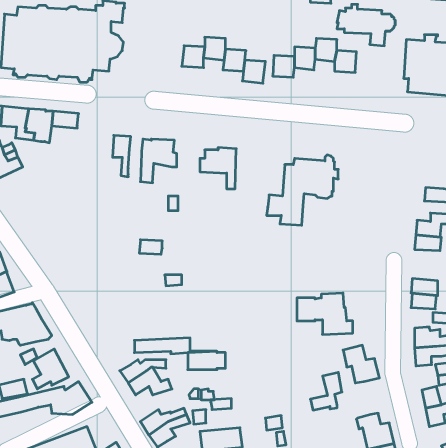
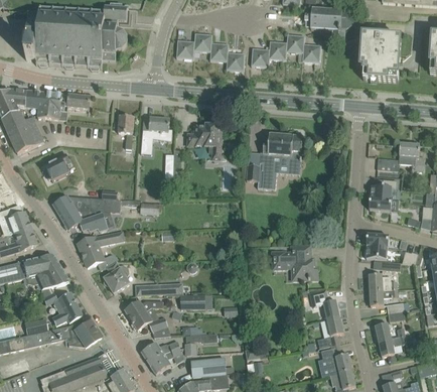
building: none -> [44,154,69,181]
building: none -> [52,197,120,231]
building: none -> [77,234,114,267]
building: none -> [103,262,129,293]
building: [310,372,342,410] -> [316,316,342,348]

